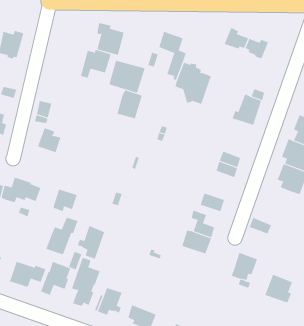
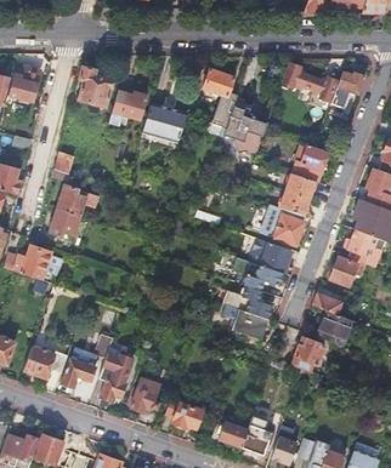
building: [97,22,125,56] -> [79,67,113,107]
building: none -> [331,72,365,108]
building: [117,90,143,119] -> none
building: none -> [280,172,316,215]
building: none -> [249,238,293,272]
building: none -> [330,256,364,284]
building: [53,189,78,212] -> [50,207,80,235]
building: [45,217,78,255] -> none
building: [77,225,105,259] -> none
building: [265,274,293,303] -> [317,309,351,344]

